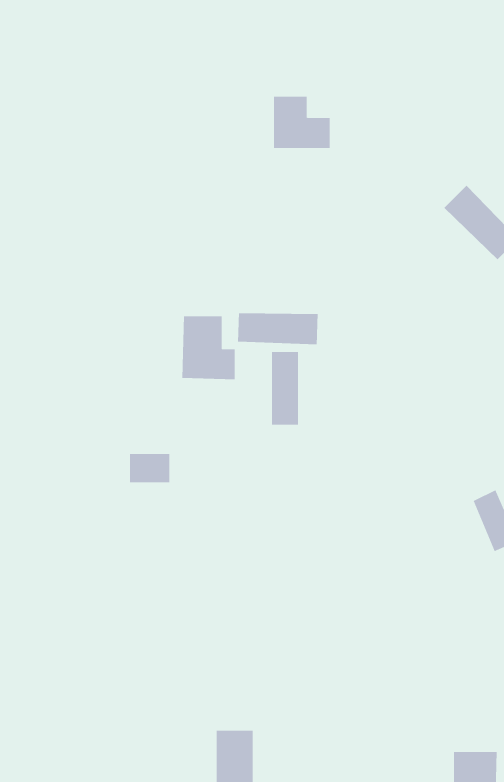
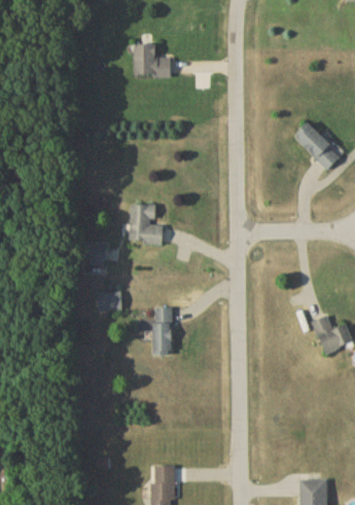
building: [273,96,331,149] -> [134,44,170,77]
building: [238,312,318,345] -> none
building: [271,352,299,425] -> [153,306,171,353]

